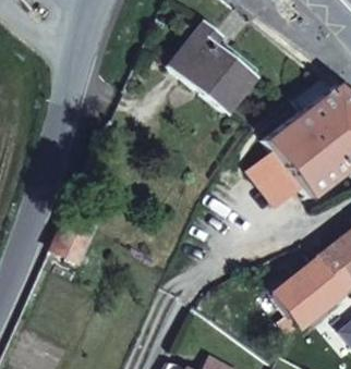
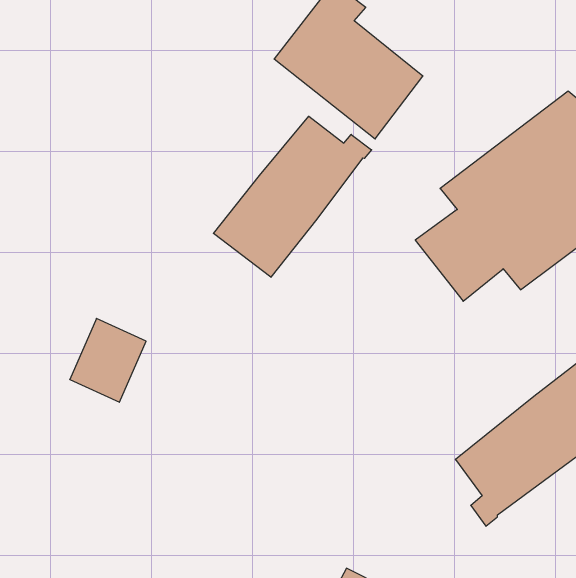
building: none -> [213,116,372,277]

